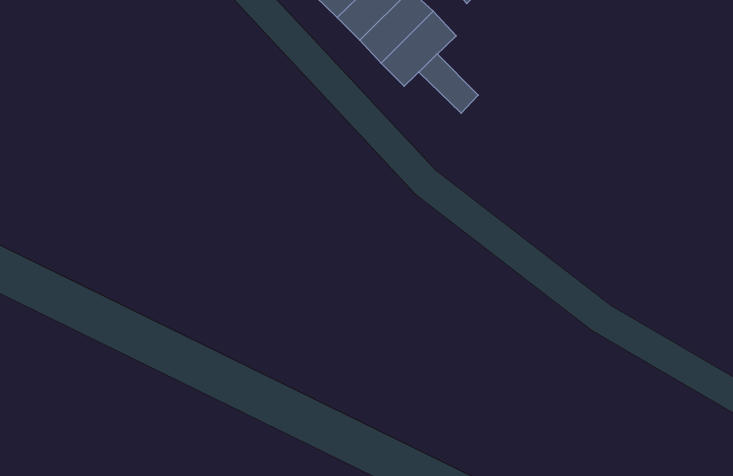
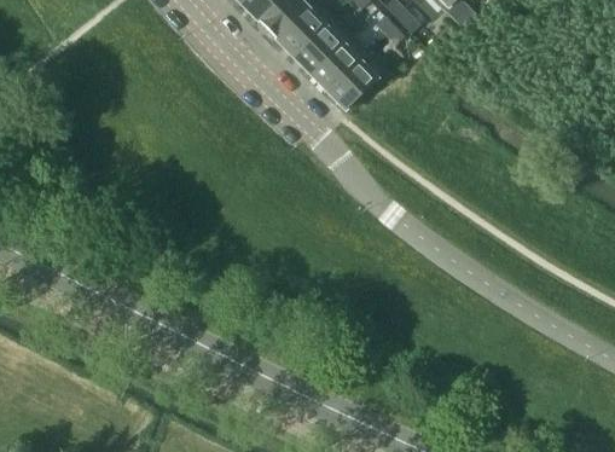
building: [419,54,478,113] -> none

